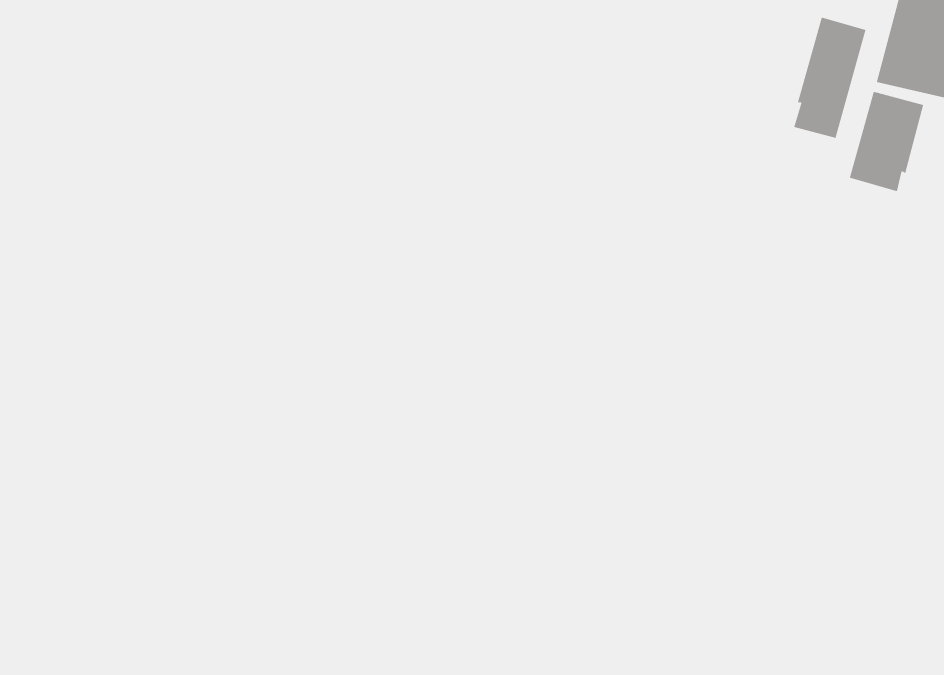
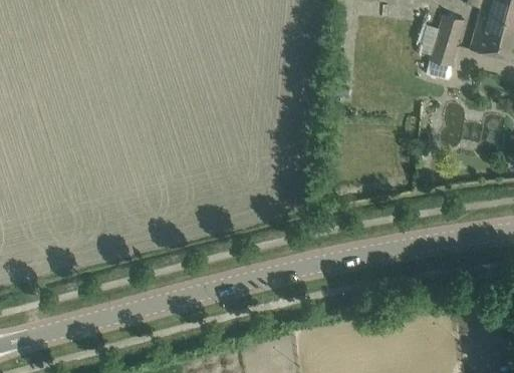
building: [849,91,924,192] -> none

